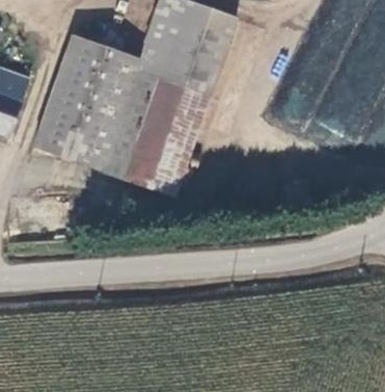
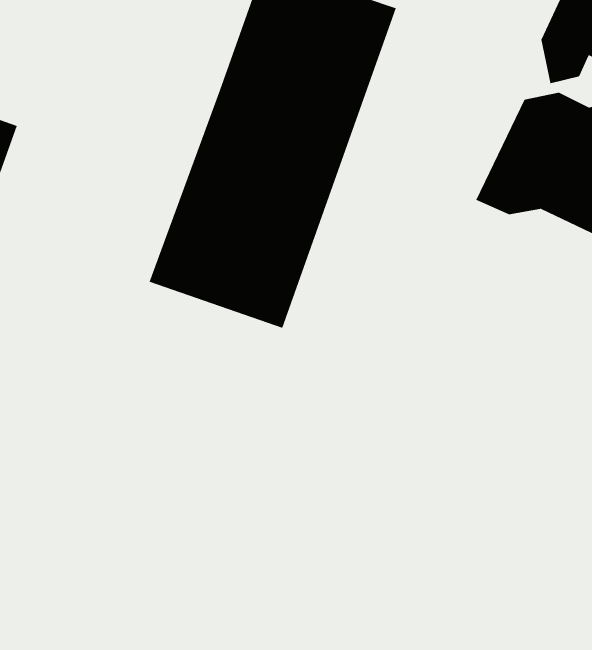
building: [34,33,141,165] -> none

